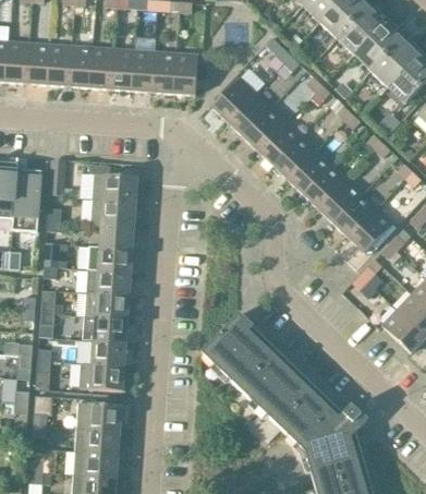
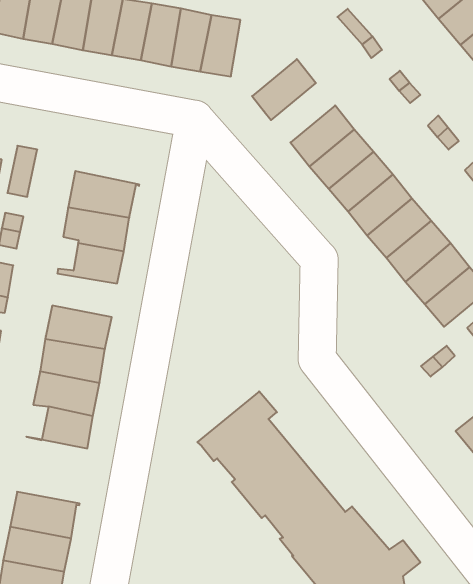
building: [227,93,270,136] -> none
building: [88,246,132,273] -> none
building: [78,363,124,391] -> none

